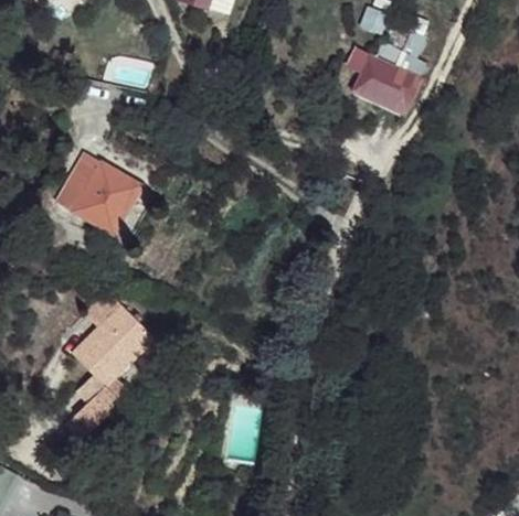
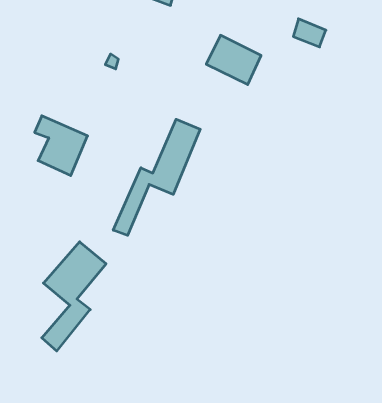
building: [349,50,417,111] -> [206,35,261,85]
building: none -> [113,119,200,235]

